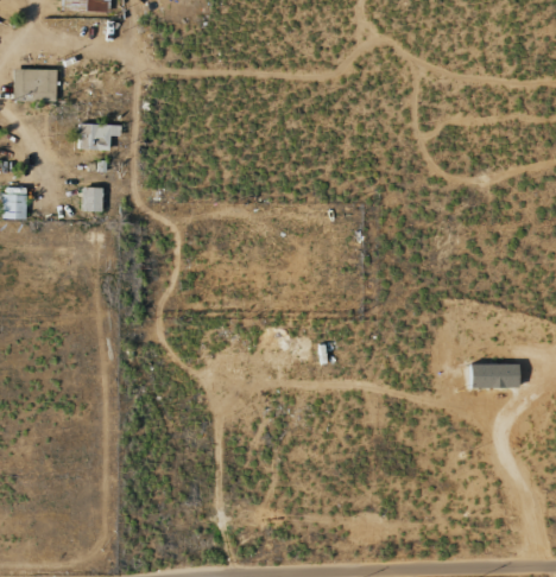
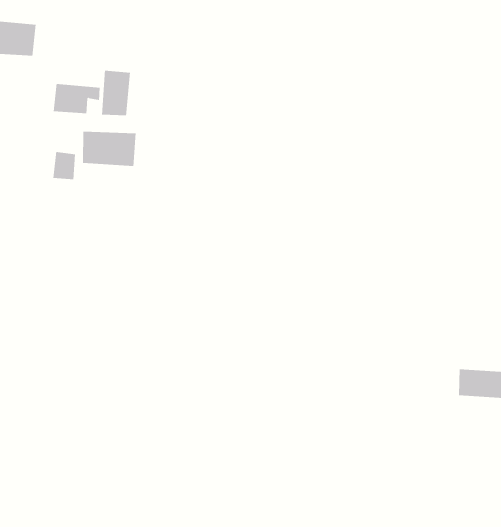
building: none -> [101,70,131,116]
building: none -> [82,131,136,167]

